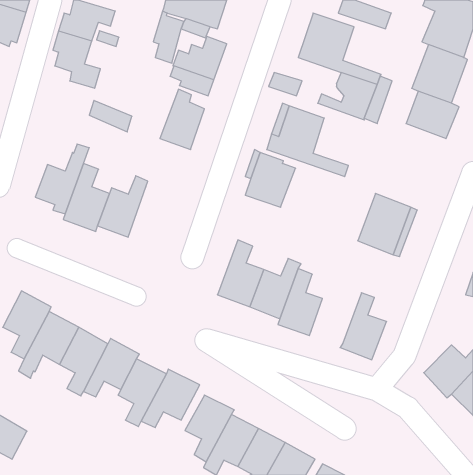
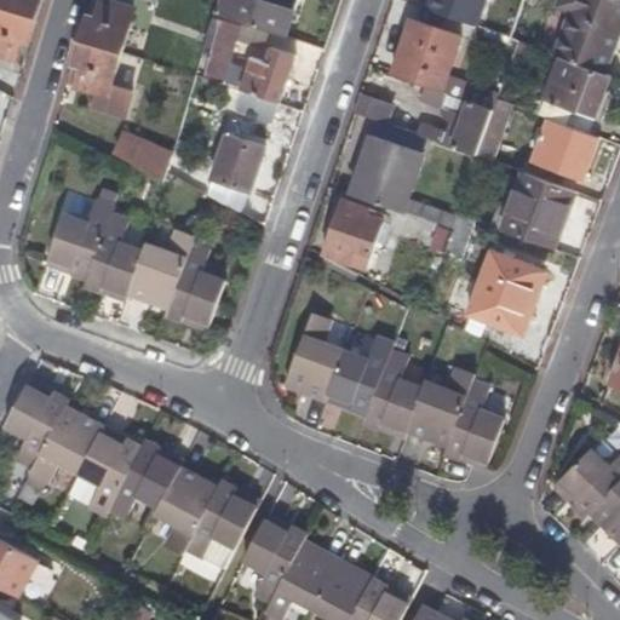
building: none -> [499,173,575,251]
building: none -> [165,243,224,323]
building: none -> [406,367,473,447]

